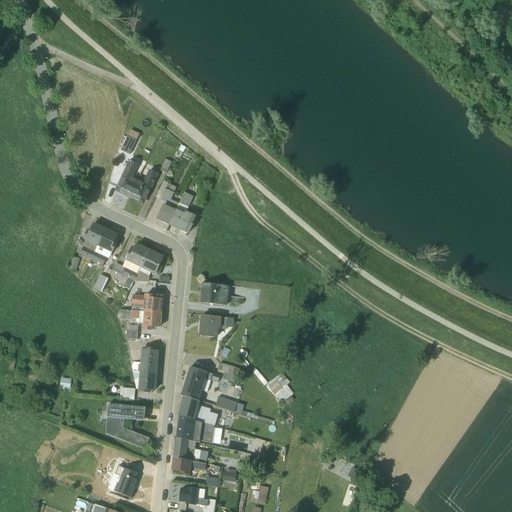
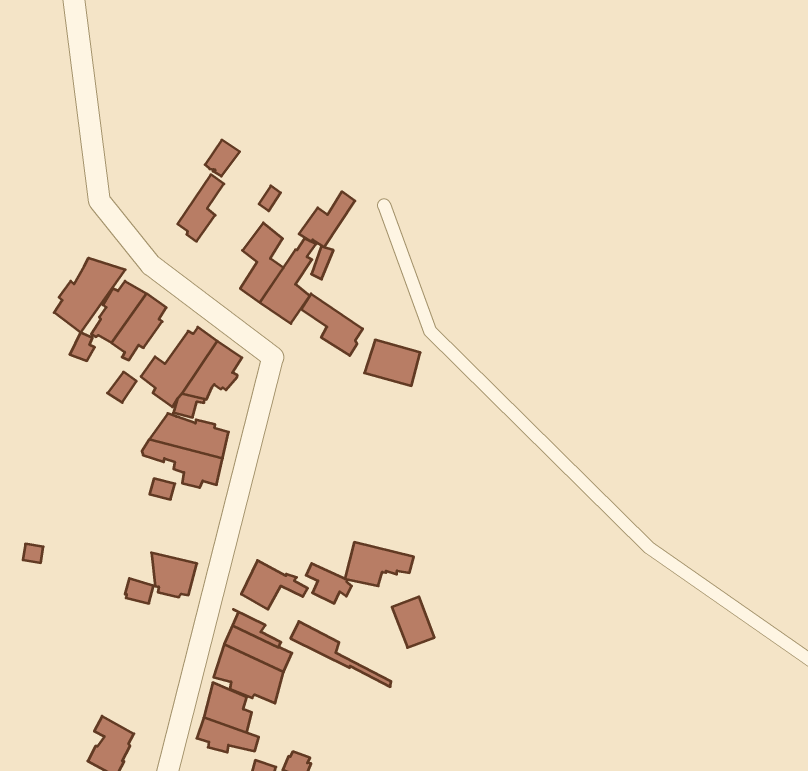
building: [129,168,157,200] -> [299,192,355,247]
building: none -> [54,258,125,332]
building: none -> [301,294,363,356]
building: [200,282,229,304] -> [364,340,420,386]
building: [198,314,234,336] -> [345,542,414,586]
building: [130,346,160,372] -> none
building: [105,402,150,448] -> none

